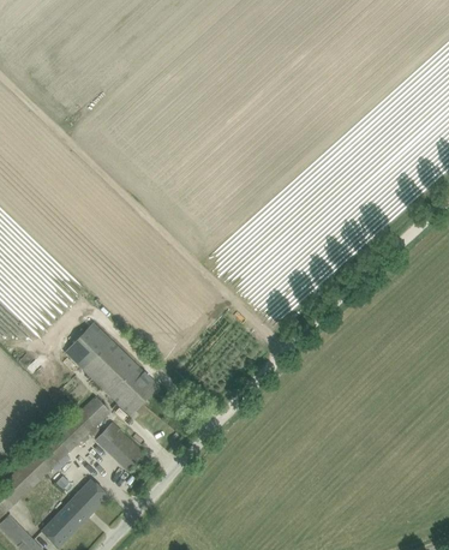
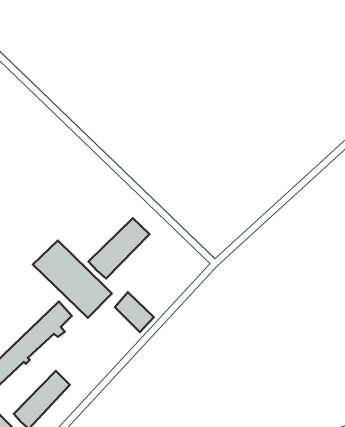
building: none -> [88,218,149,278]
building: [96,422,143,470] -> [115,292,154,332]

